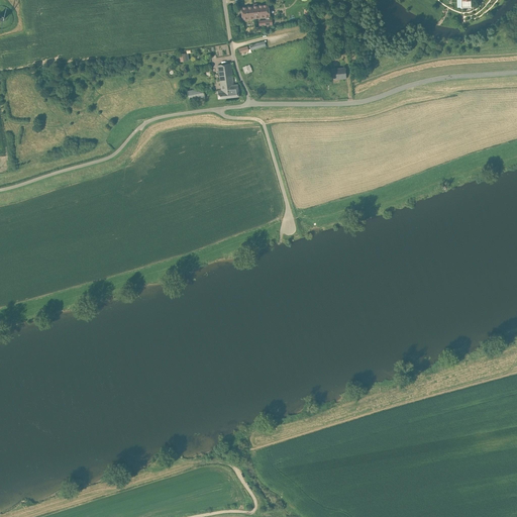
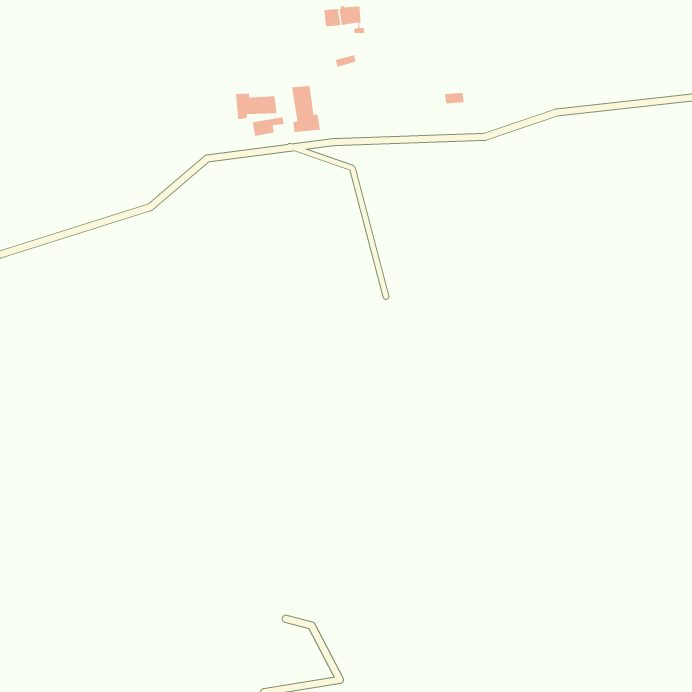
building: none -> [235,93,277,120]

